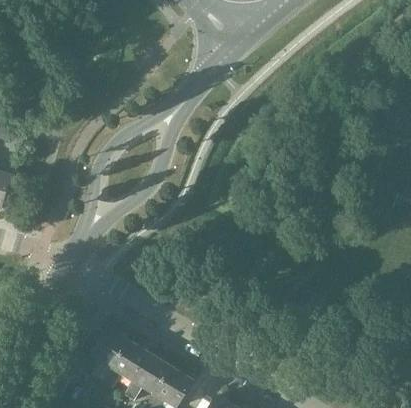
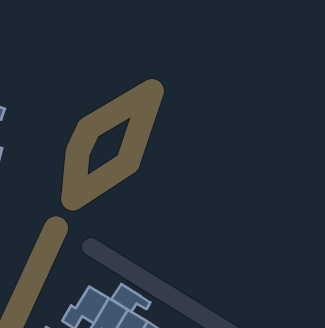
building: none -> [111,284,150,312]

